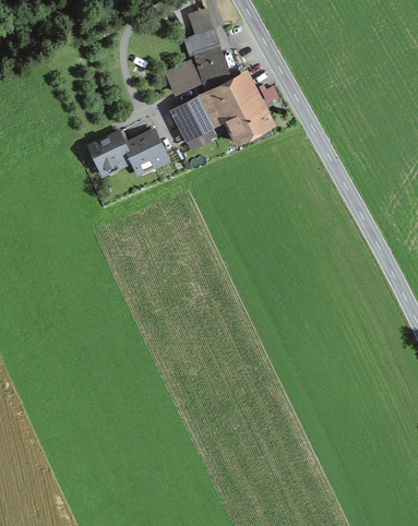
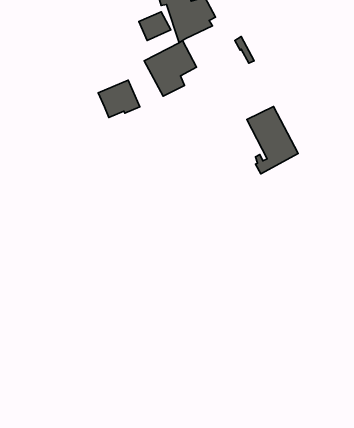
building: [215,76,267,145] -> [247,107,298,174]
building: [91,132,132,171] -> none

